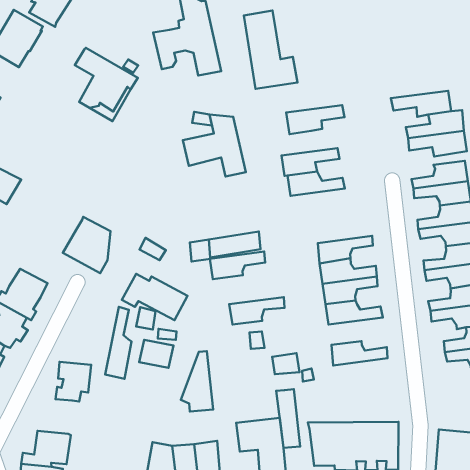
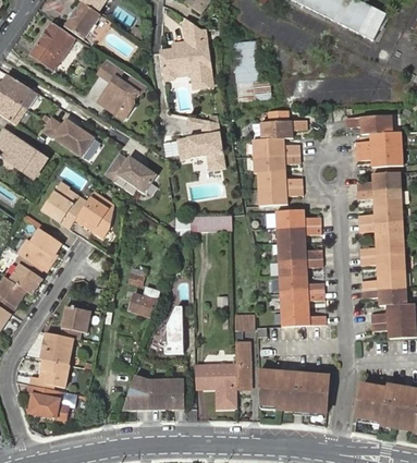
building: none -> [42,118,95,157]
building: none -> [254,138,299,156]
building: none -> [41,181,87,229]
building: none -> [277,209,321,228]
building: [210,252,265,279] -> [259,186,303,205]
building: [122,274,187,320] -> [105,153,157,192]
building: [229,297,285,325] -> [281,291,324,309]
building: [105,307,132,379] -> none
building: none -> [40,331,73,363]

